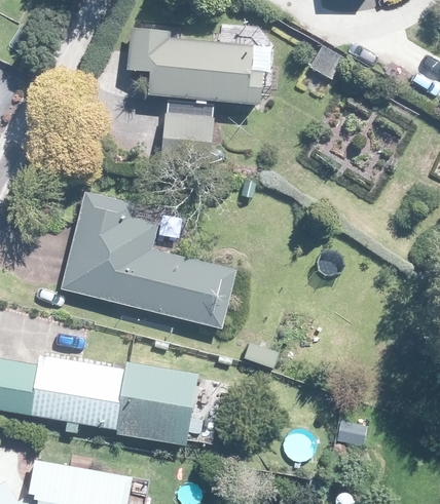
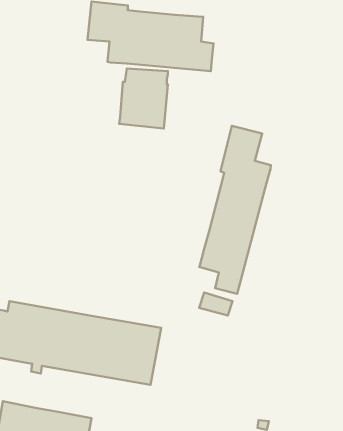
building: none -> [199,126,271,294]
building: [61,192,234,328] -> none

